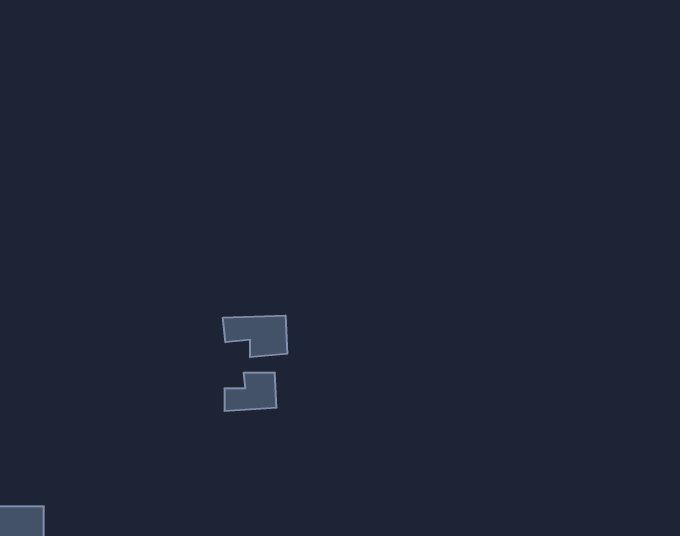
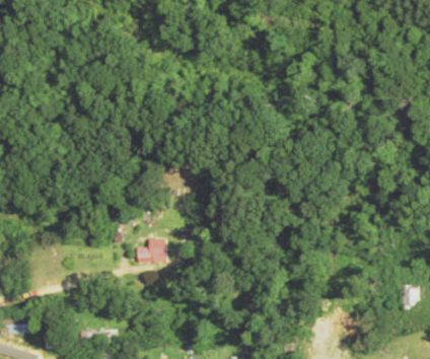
building: [223,315,287,357] -> none

